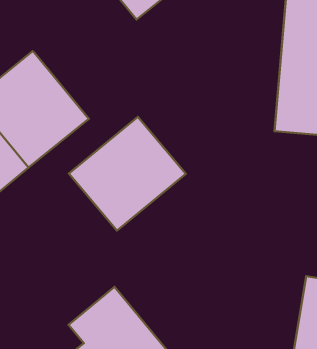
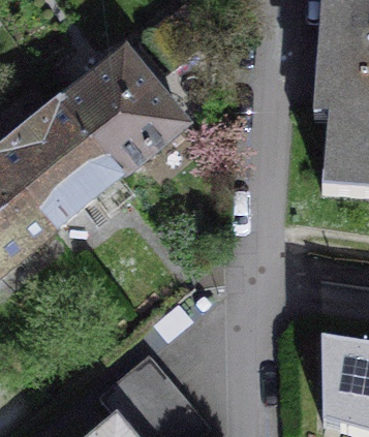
building: none -> [60,50,181,171]
building: [69,117,186,230] -> none

